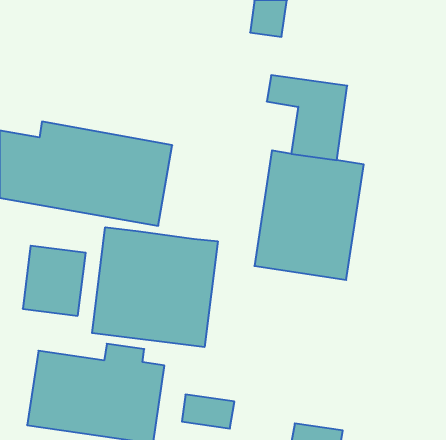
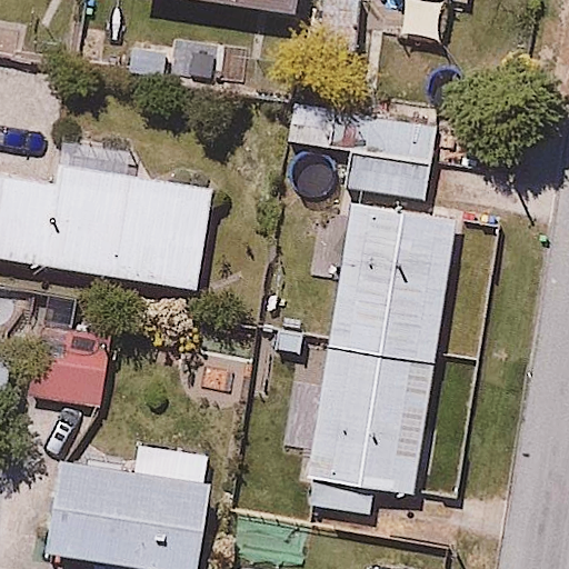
building: [92,227,218,347] -> none
building: none -> [300,347,440,515]

